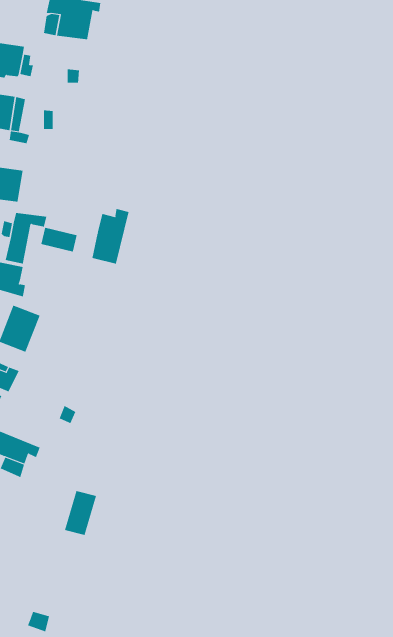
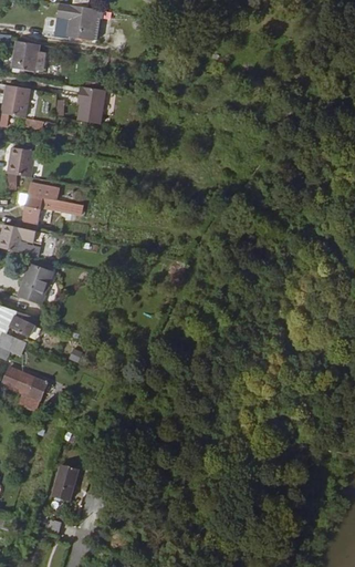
building: none -> [75,85,104,122]
building: [92,208,129,265] -> none
building: [64,491,97,535] -> [51,465,79,503]

